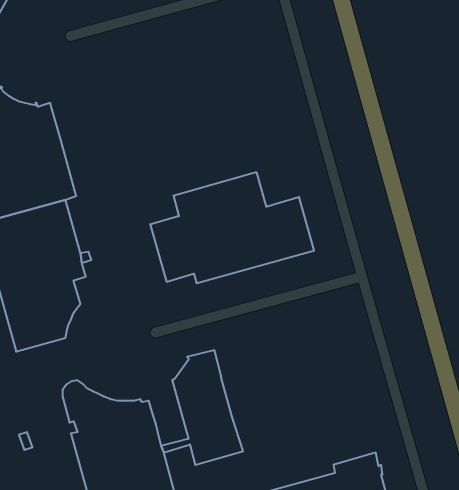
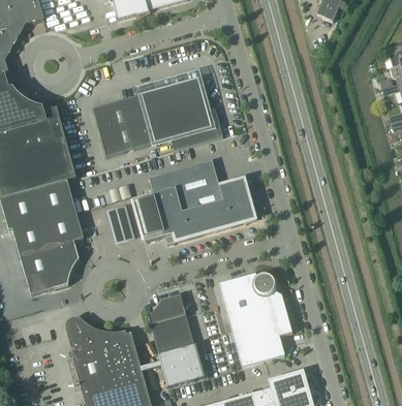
building: none -> [93,77,223,155]
building: none -> [105,201,135,241]
building: none -> [219,272,292,366]

